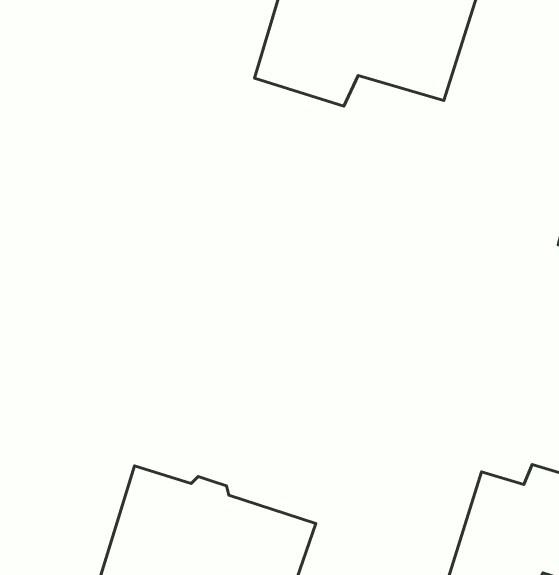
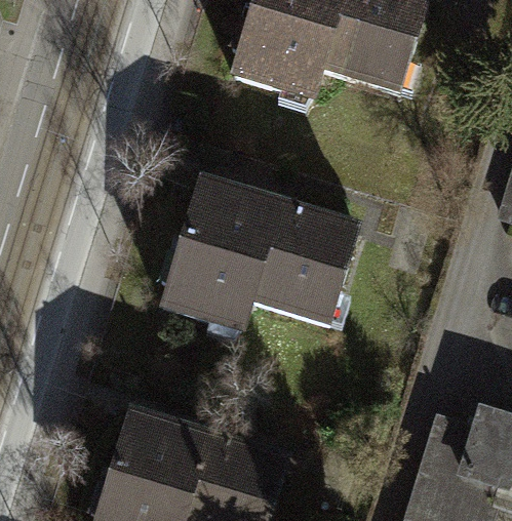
building: none -> [163,183,357,329]

